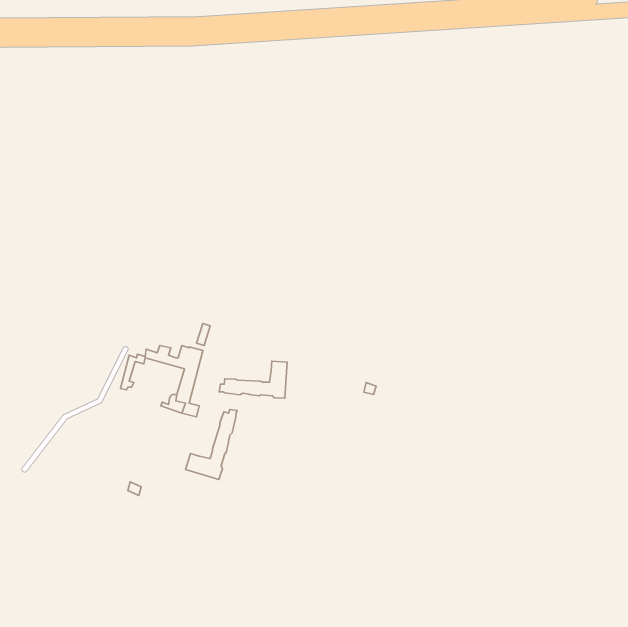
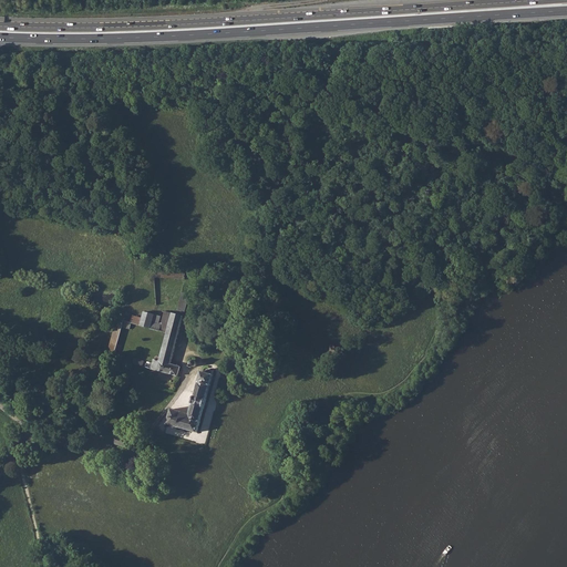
building: [219,361,287,398] -> none

